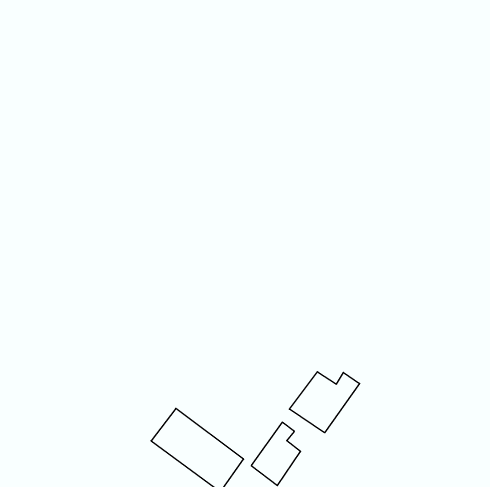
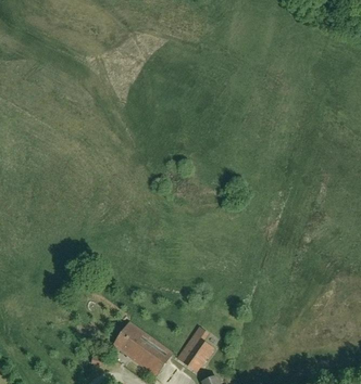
building: [289,372,360,433] -> none

